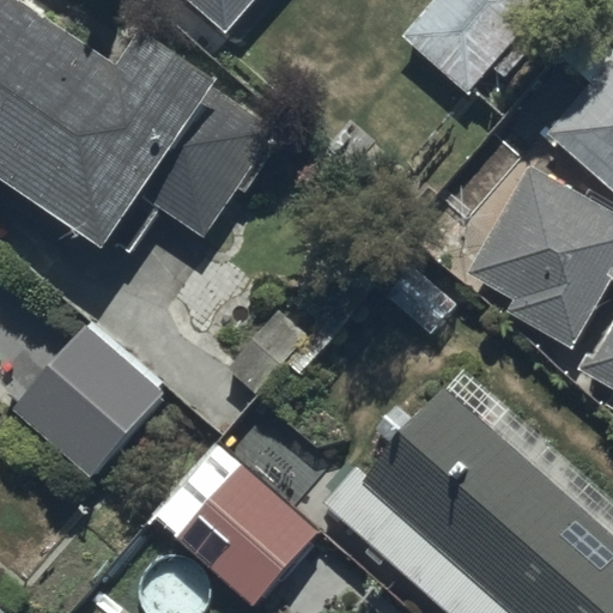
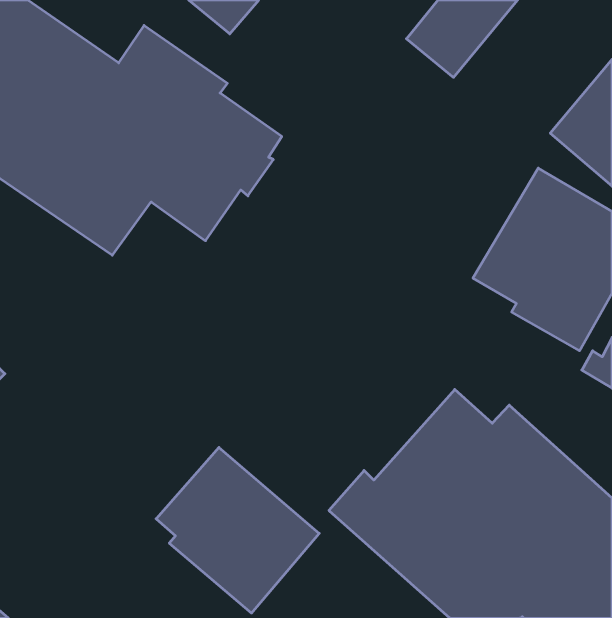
building: [10,320,169,480] -> none

